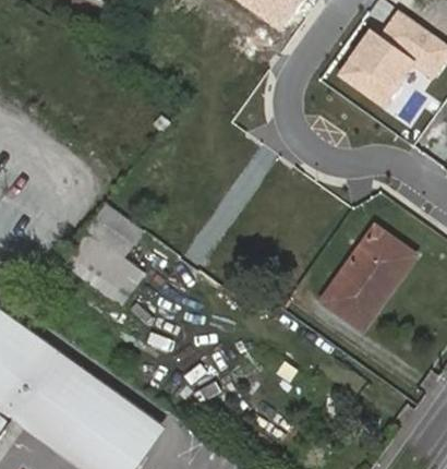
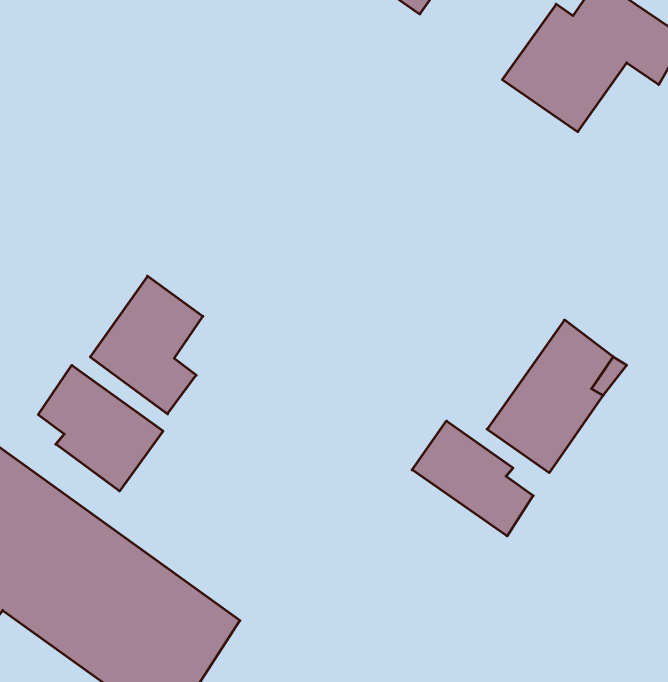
building: none -> [38,365,163,491]
building: none -> [412,421,533,536]

